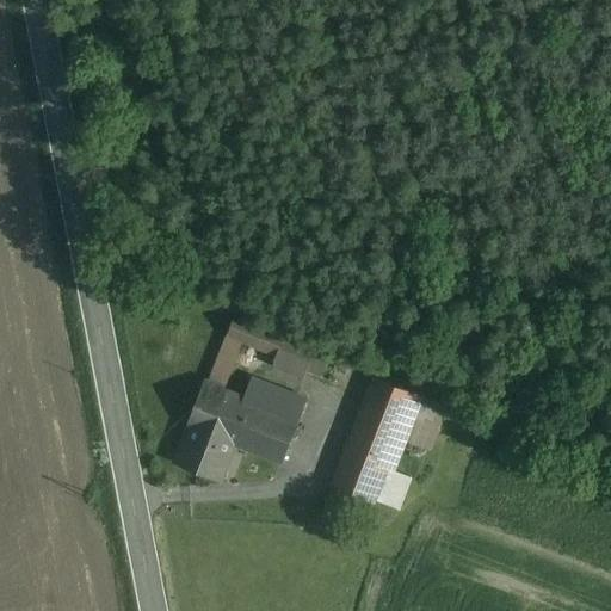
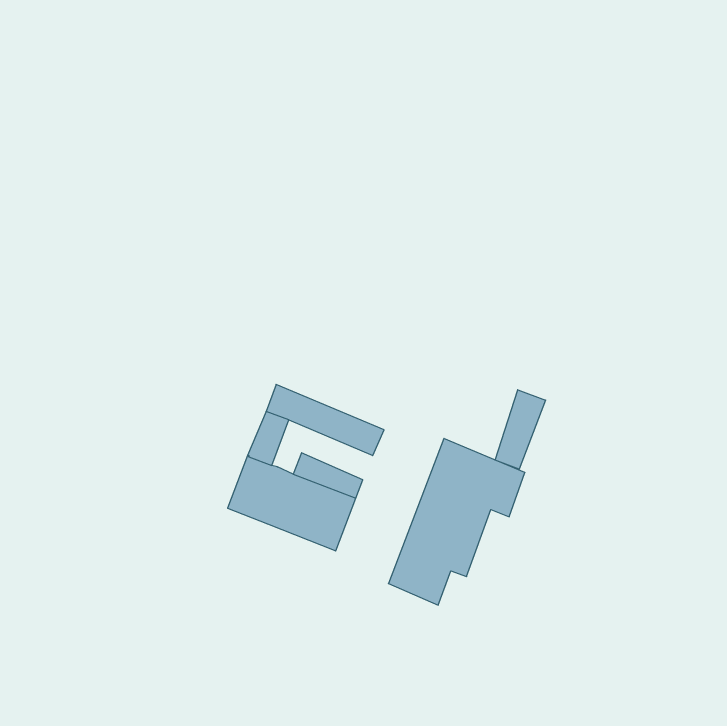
building: none -> [495,390,546,469]
building: [178,427,224,476] -> none

